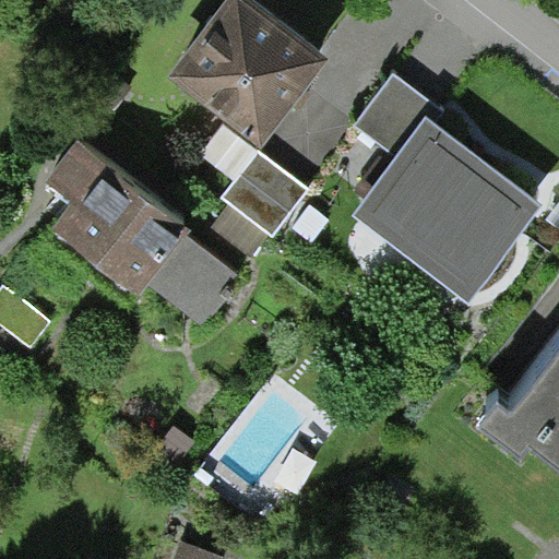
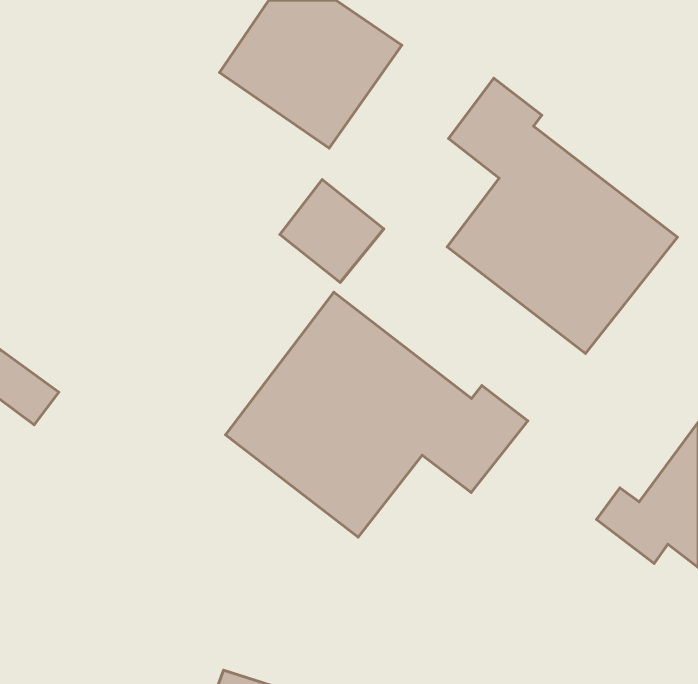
building: [48,140,236,322] -> none
building: none -> [226,292,528,537]

